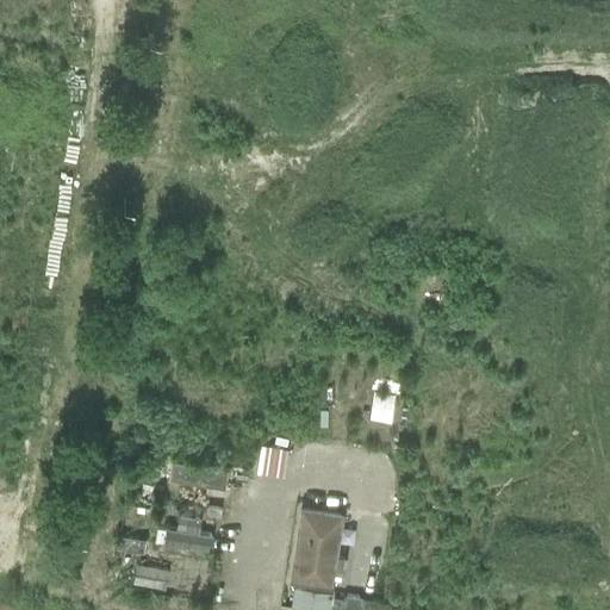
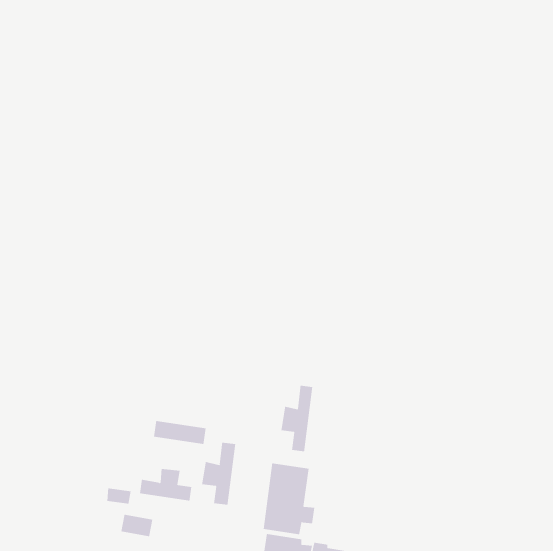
building: none -> [281,385,313,452]
building: none -> [202,442,236,505]

